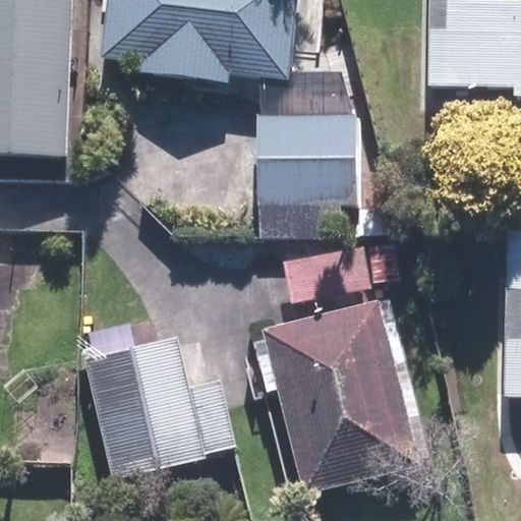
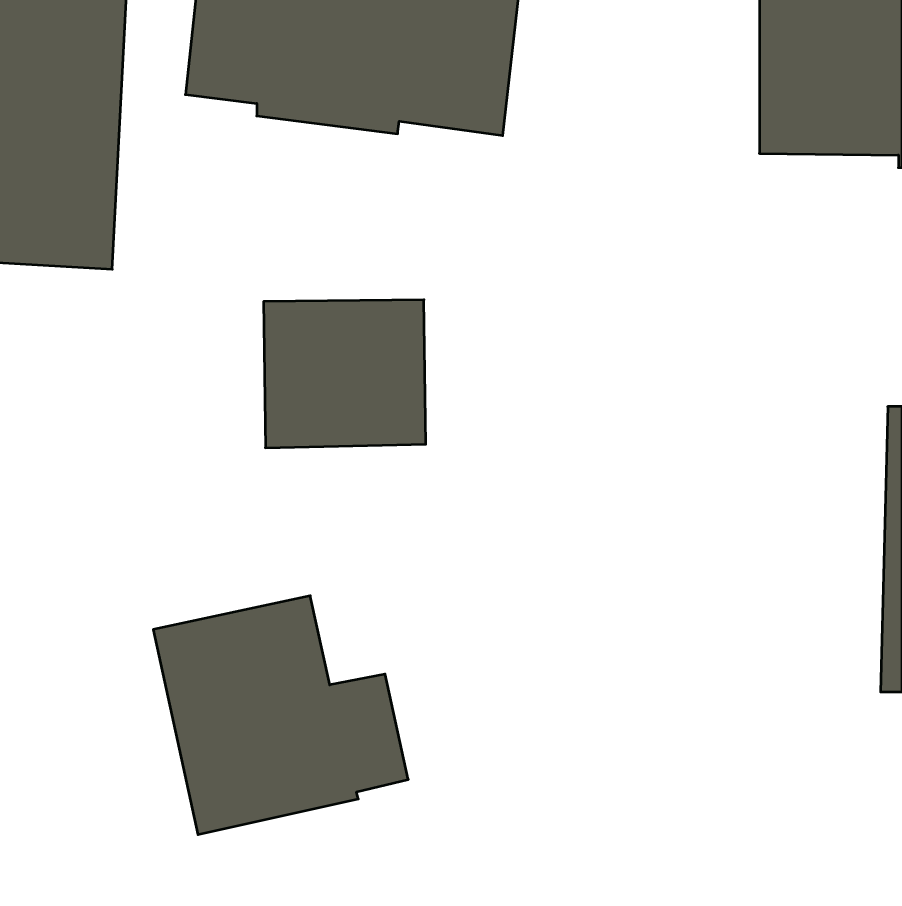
building: [260,119,353,204] -> [264,300,426,448]
building: [265,304,419,501] -> none

